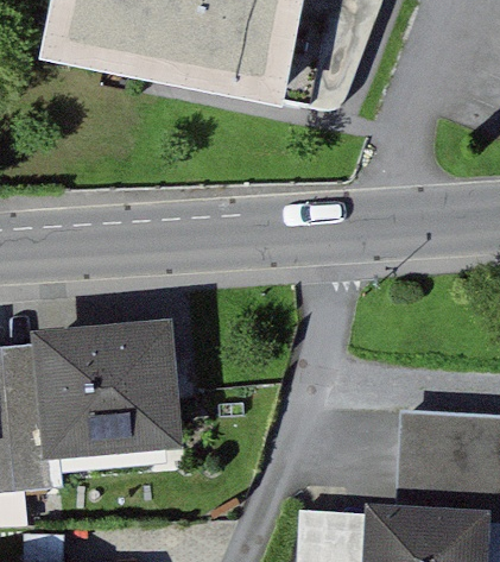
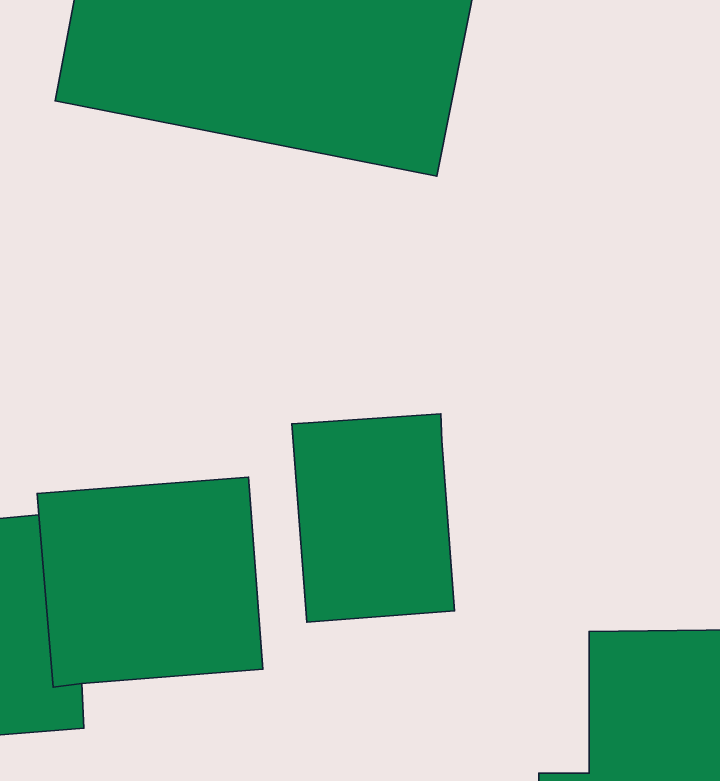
building: none -> [292,414,454,622]

